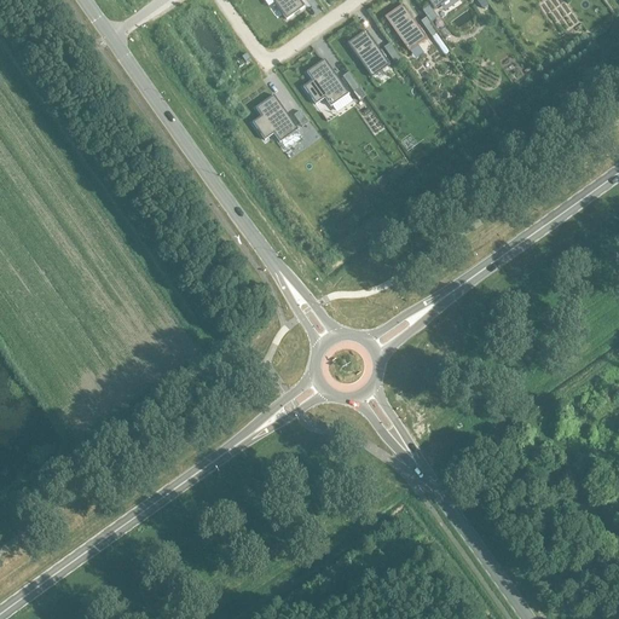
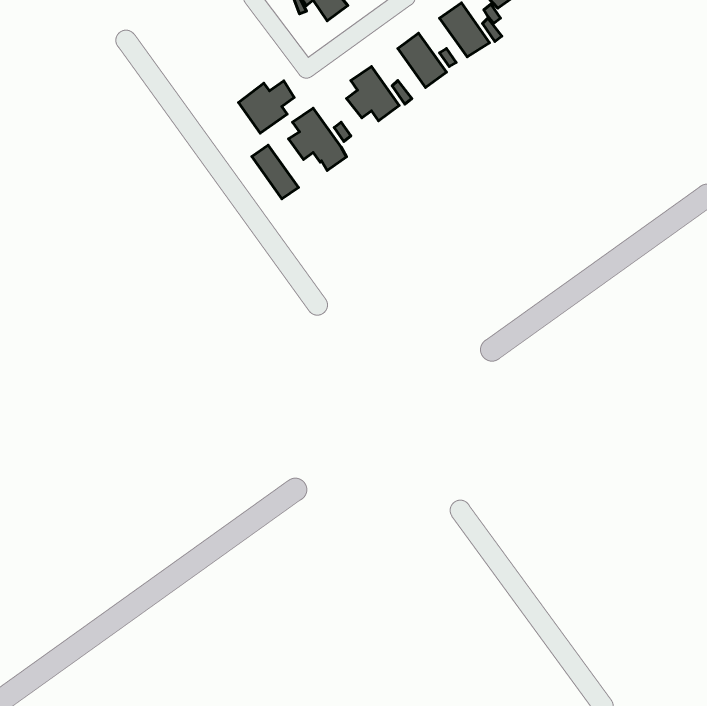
building: none -> [238,81,294,133]
building: none -> [252,145,298,199]

